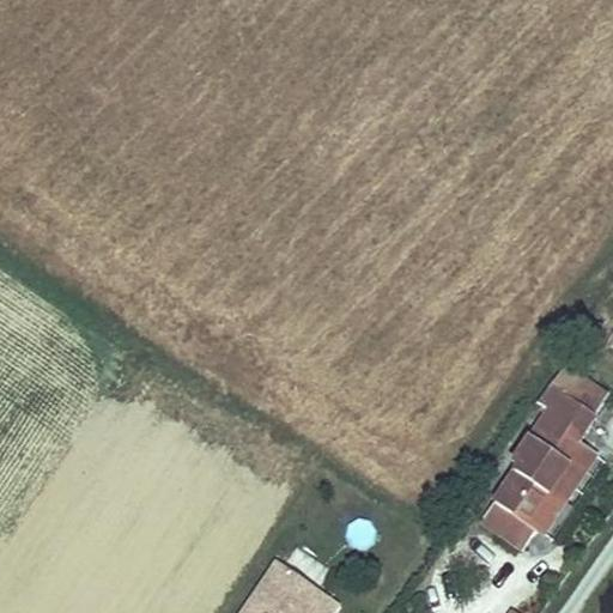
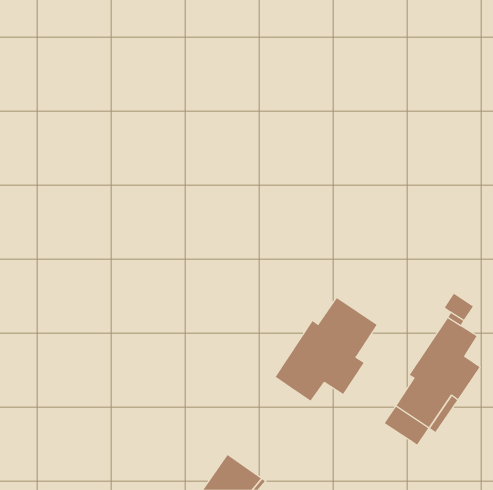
building: none -> [275,297,377,402]

